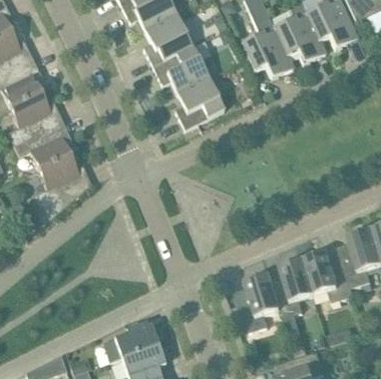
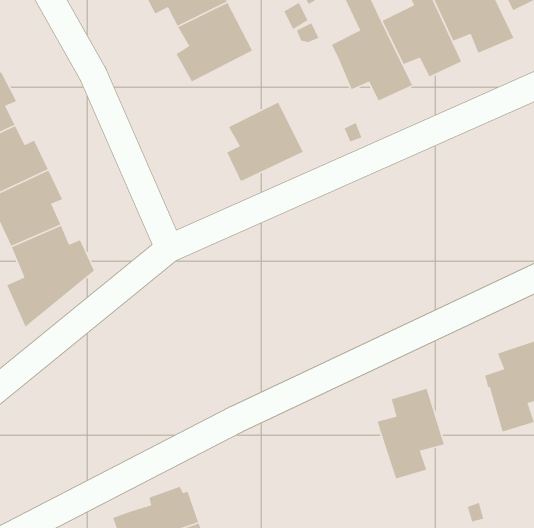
building: [154,45,210,93] -> none
building: [304,252,355,302] -> none
building: [237,274,284,333] -> none

